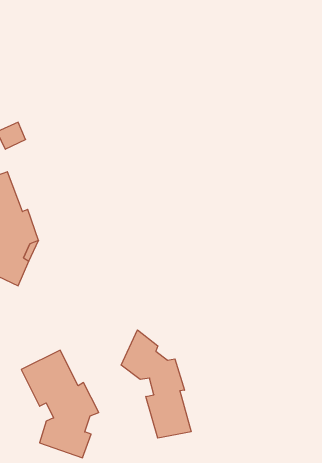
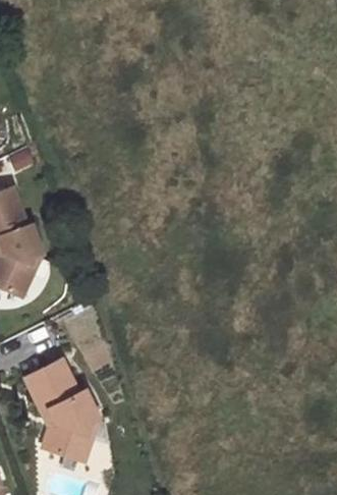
building: [121,330,191,438] -> none

